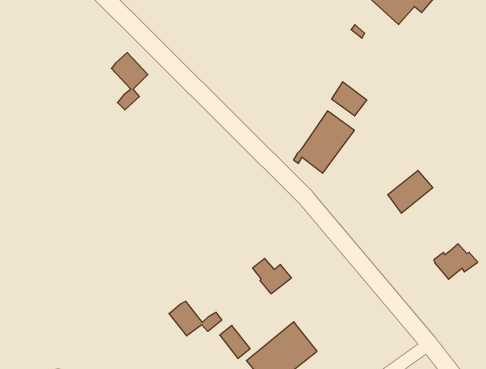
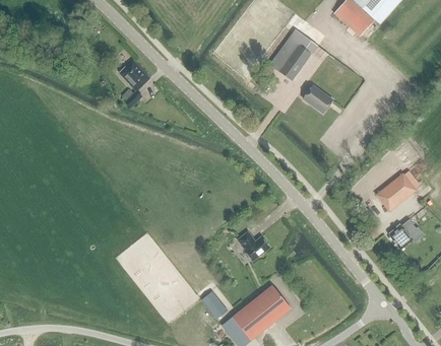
building: [294,111,354,173] -> [266,28,317,80]
building: [388,171,433,213] -> [377,175,415,210]
building: [169,301,222,336] -> none

